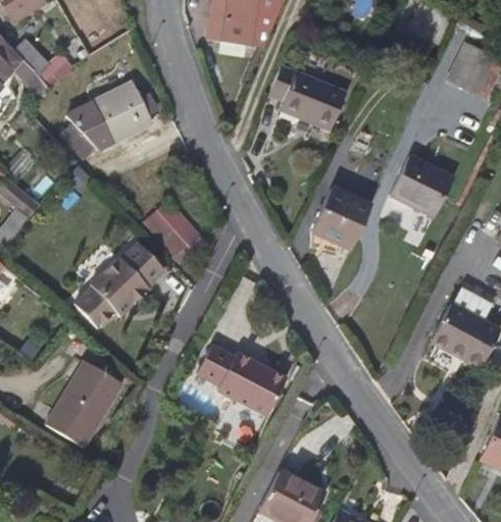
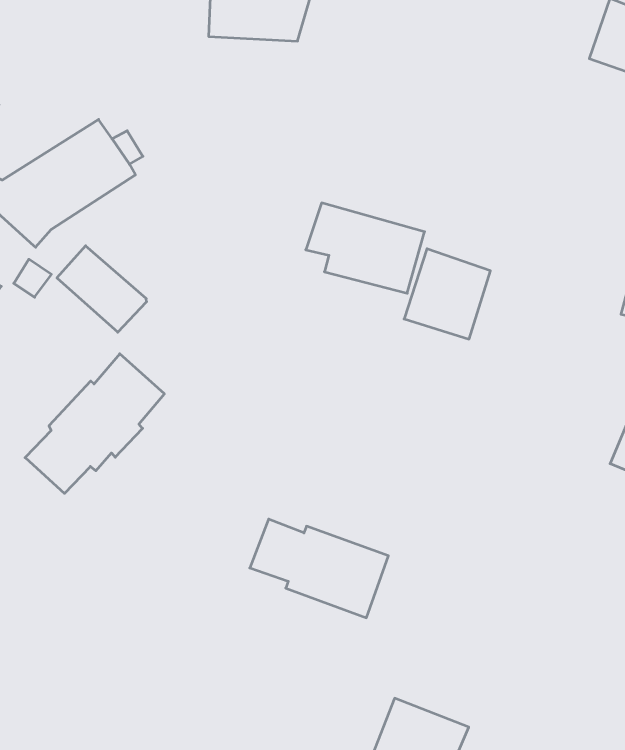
building: [268,66,345,129] -> [306,203,425,293]
building: [391,155,455,217] -> none
building: [147,201,202,258] -> [57,246,147,332]
building: [45,361,122,446] -> none

